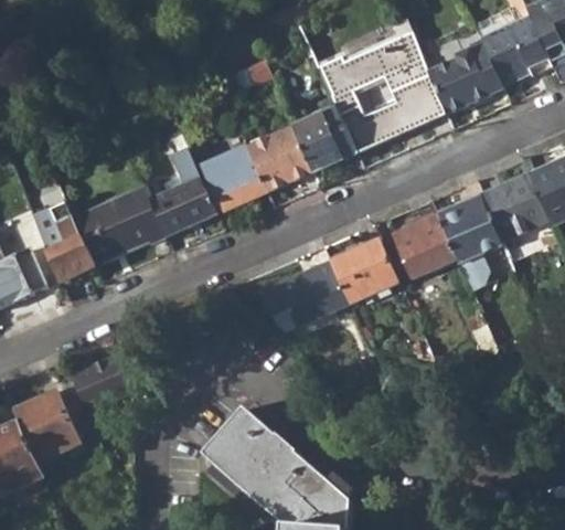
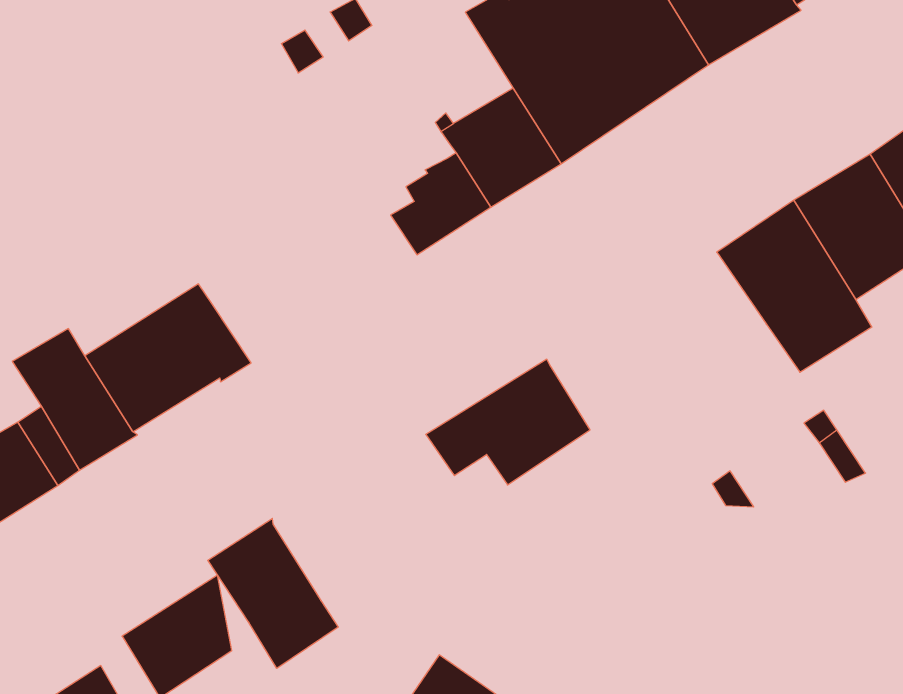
building: [205,142,270,209] -> none
building: [152,145,220,234] -> none
building: [393,214,458,278] -> none
building: [334,237,401,301] -> none
building: none -> [208,518,338,668]

